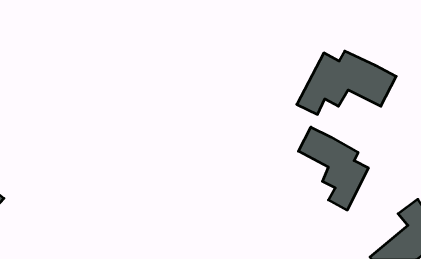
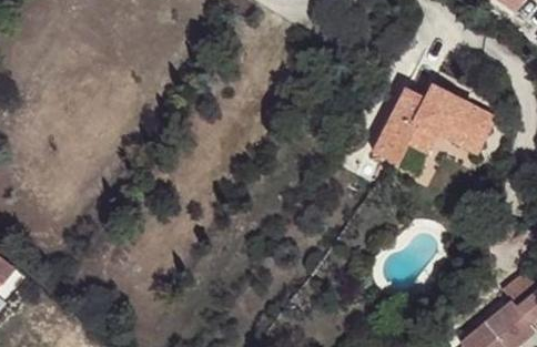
building: [298,127,368,210] -> none

